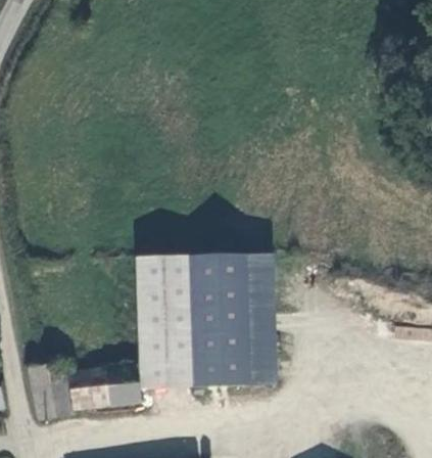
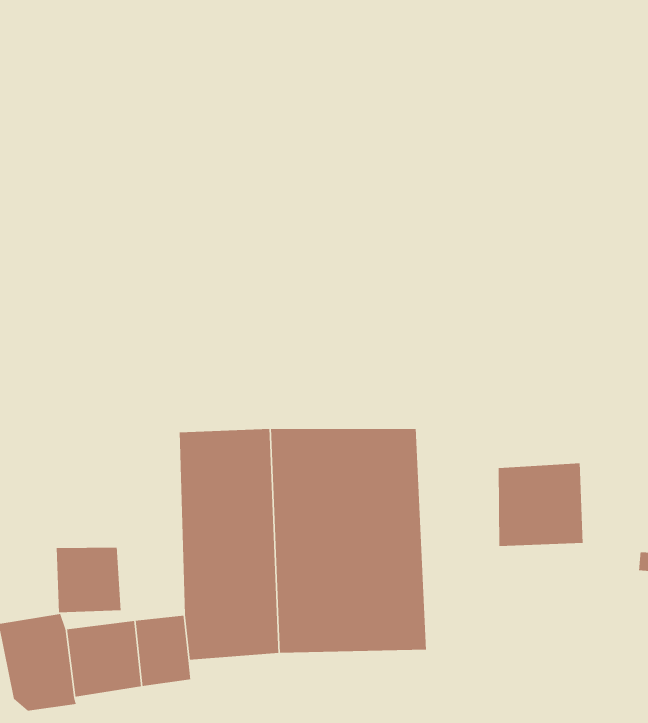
building: none -> [498,462,584,547]
building: none -> [56,547,122,613]

